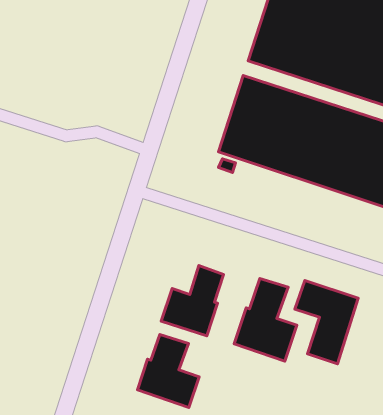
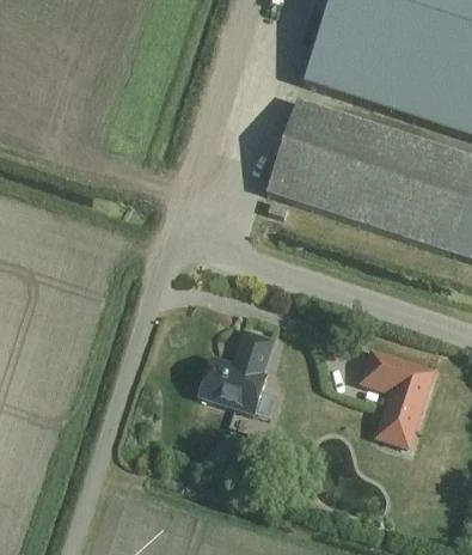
building: [234,279,297,361] -> none
building: [137,334,199,407] -> none

